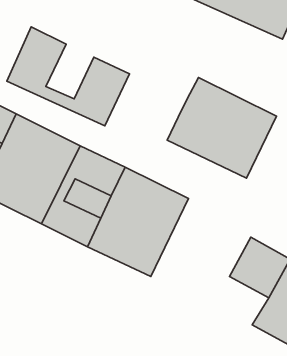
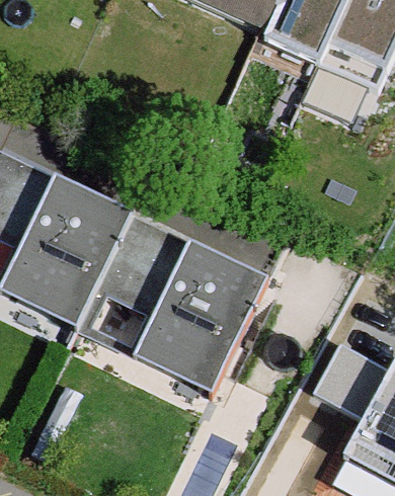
building: [7,27,130,126] -> none
building: [167,77,276,178] -> none

